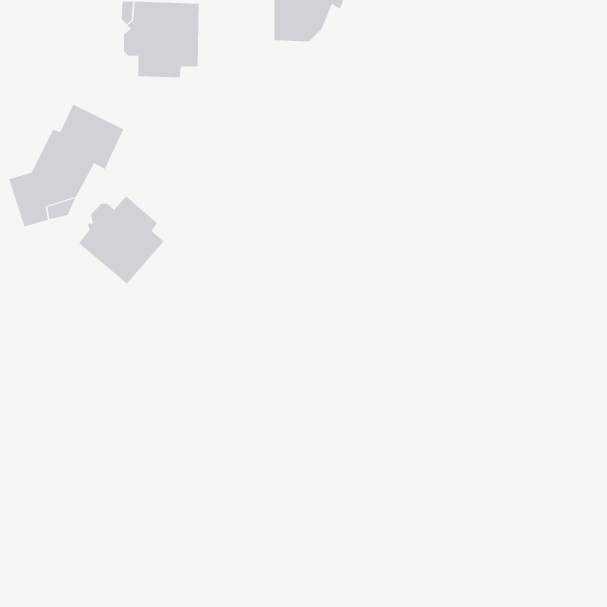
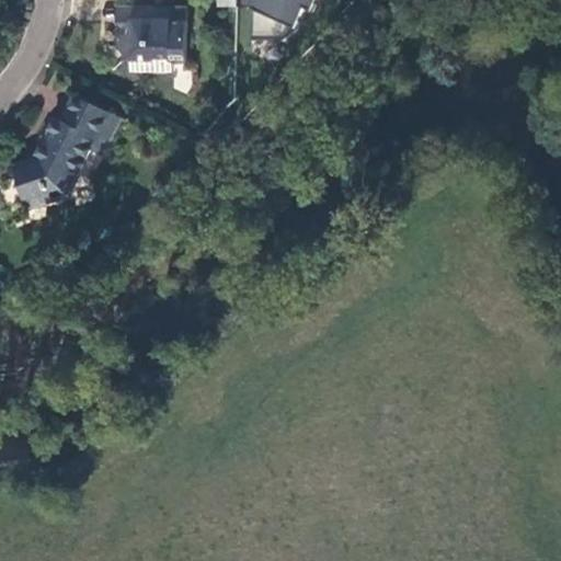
building: [78,196,164,285] -> none

